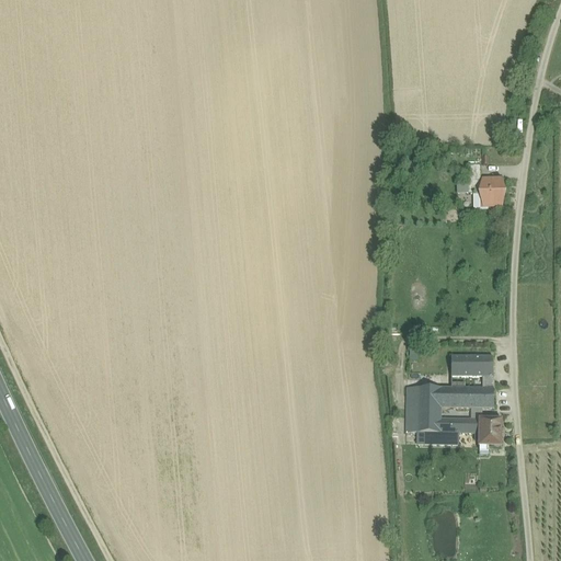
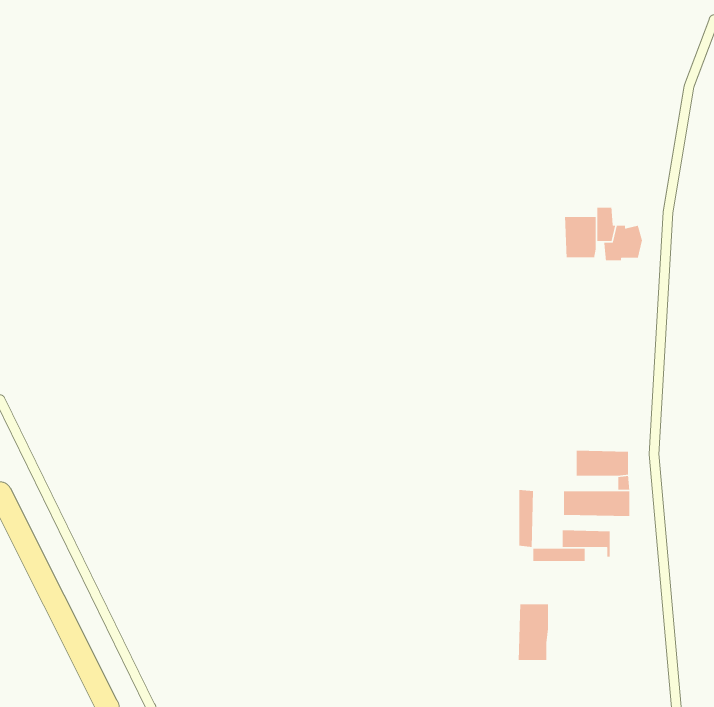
building: none -> [564,216,597,258]
building: [417,385,442,430] -> [518,604,549,661]
building: [479,416,502,444] -> none

